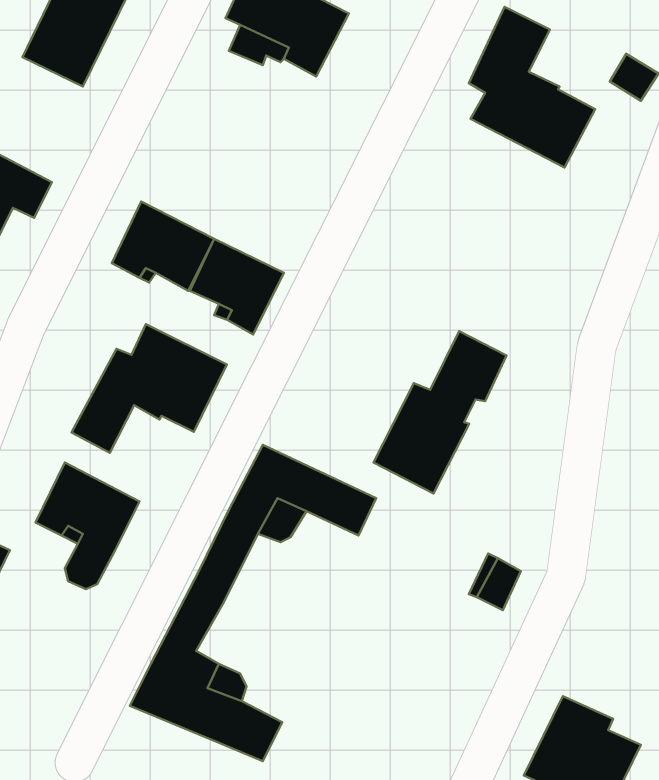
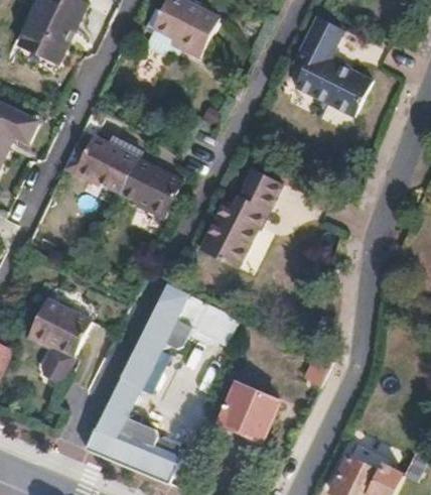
building: [71,324,227,453] -> none
building: [373,331,506,493] -> [198,169,281,270]
building: none -> [221,383,279,441]

